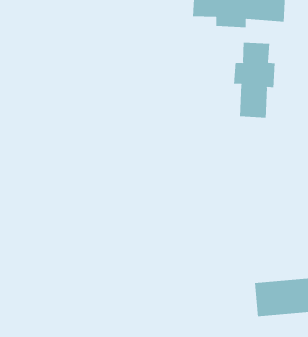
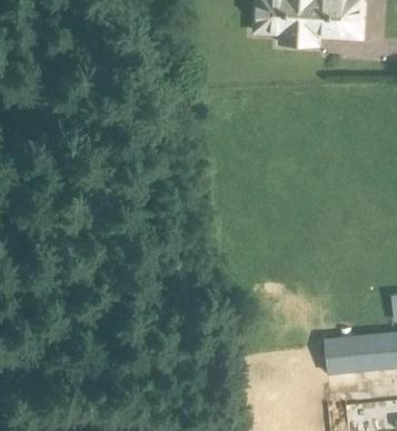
building: [234,42,275,118] -> none

